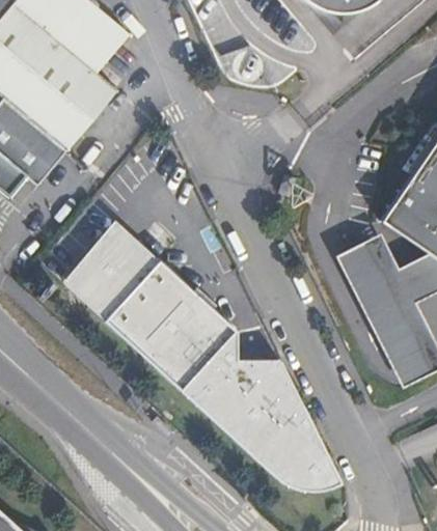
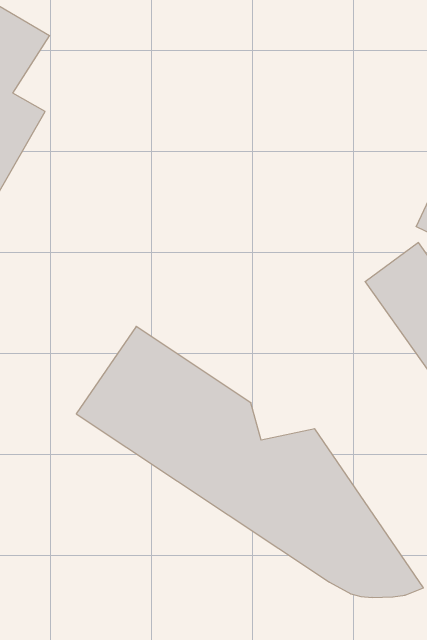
building: [64,220,160,318] -> none

